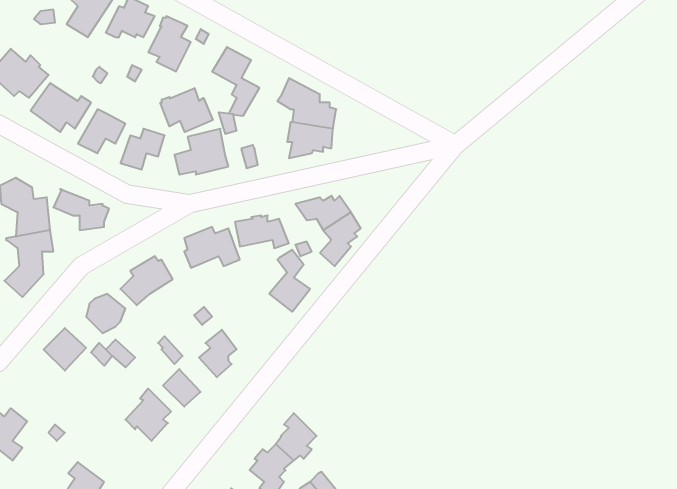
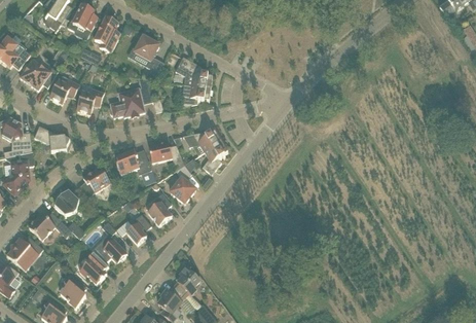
building: [160,88,213,132] -> none
building: none -> [147,191,171,224]
building: none -> [6,234,43,266]
building: none -> [60,273,85,307]

